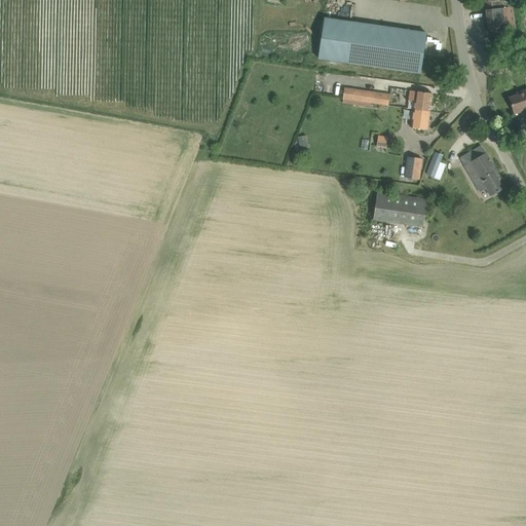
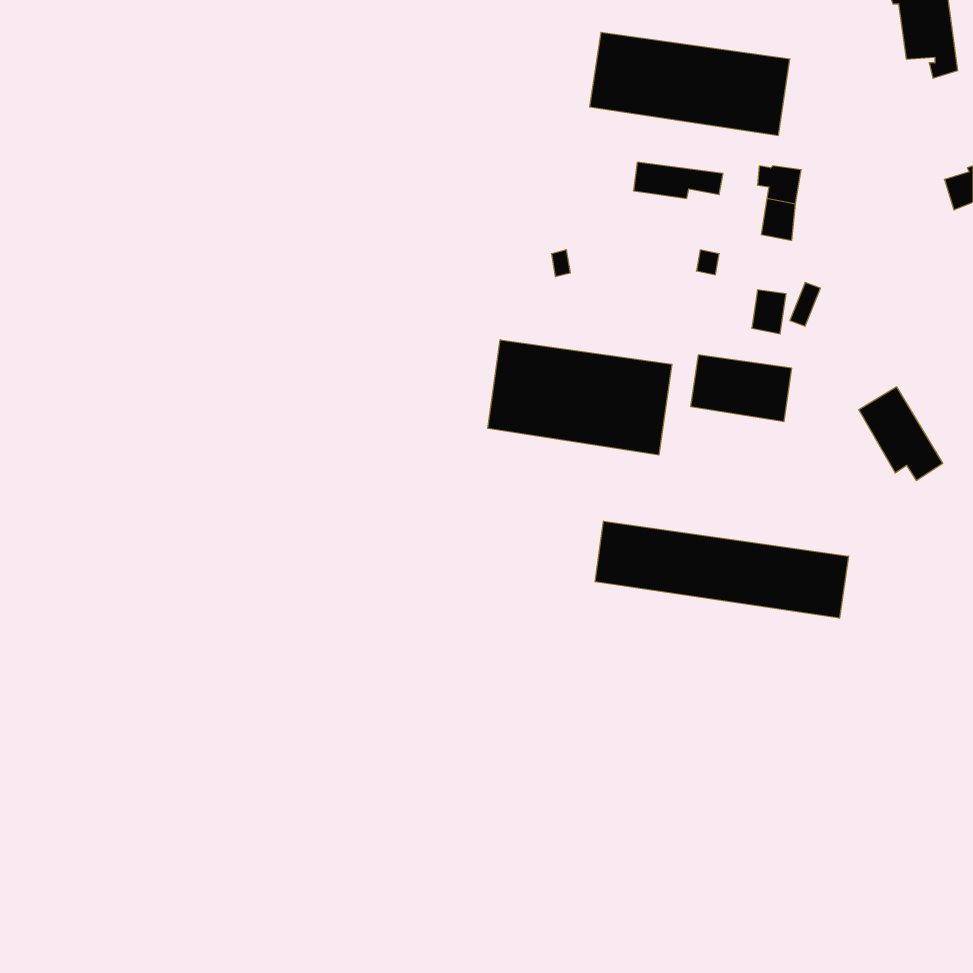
building: [459,145,504,195] -> [859,387,943,480]
building: none -> [488,340,672,455]
building: none -> [595,521,849,618]

